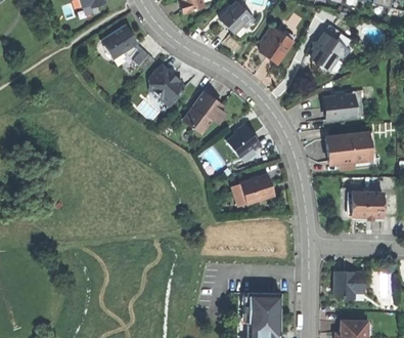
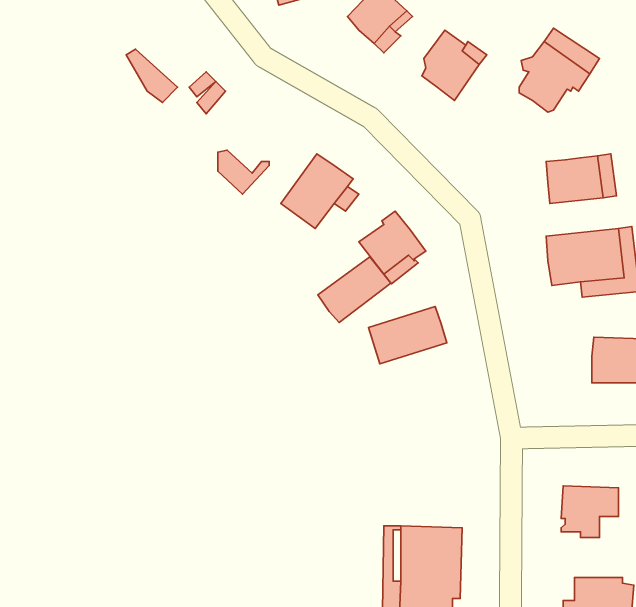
building: [105,25,136,57] -> none
building: [149,66,185,103] -> none
building: none -> [318,257,391,322]

